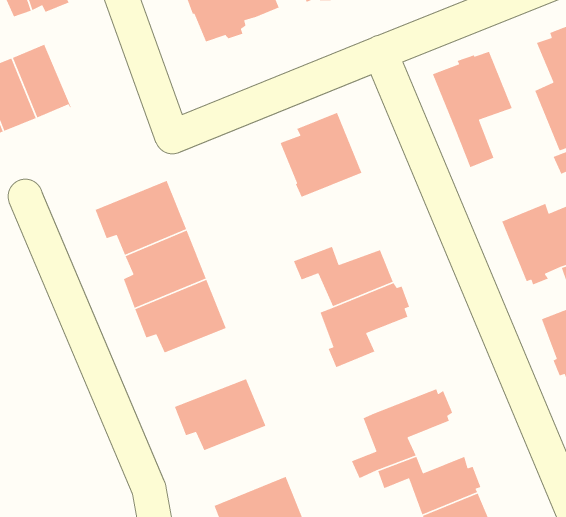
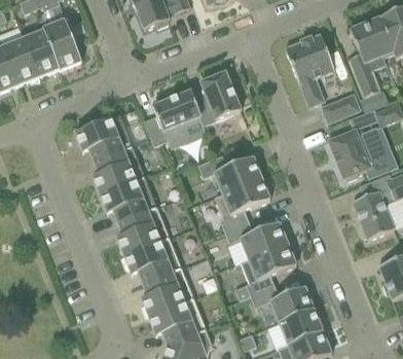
building: none -> [43,20,82,69]
building: none -> [144,91,207,148]
building: none -> [322,94,360,122]
building: none -> [117,207,170,255]
building: none -> [225,221,288,259]
building: none -> [141,267,194,317]

